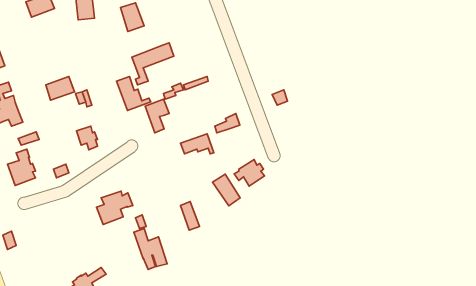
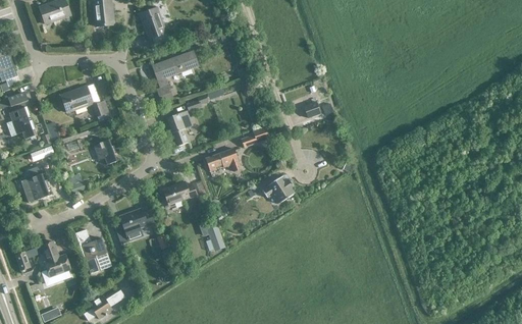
building: [117,76,151,111] -> none
building: none -> [162,180,197,205]
building: [213,174,240,206] -> none
building: none -> [41,240,70,277]
building: [134,228,167,269] -> [75,228,111,272]

